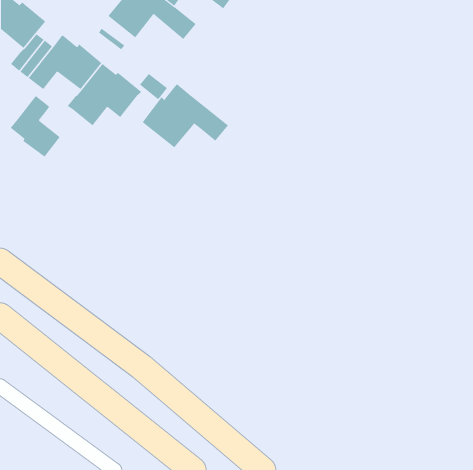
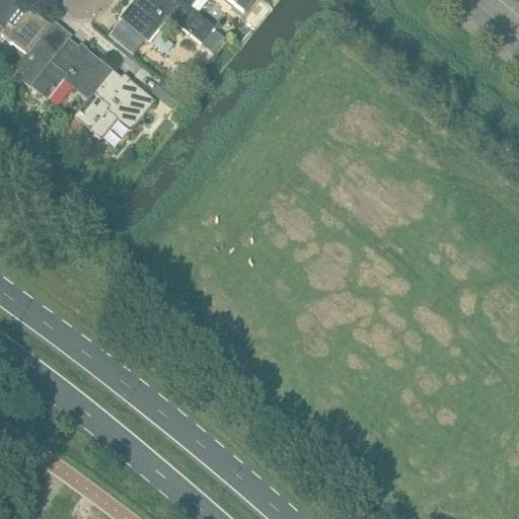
building: [142,83,229,148] -> none
building: [10,95,61,158] -> none

